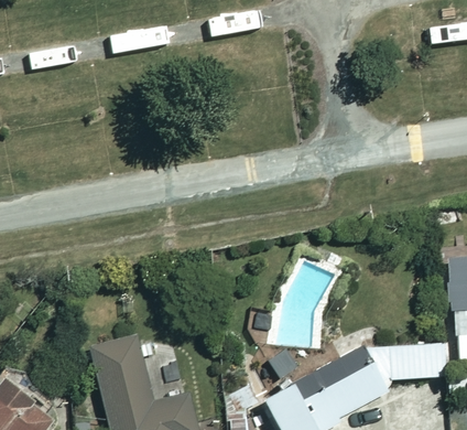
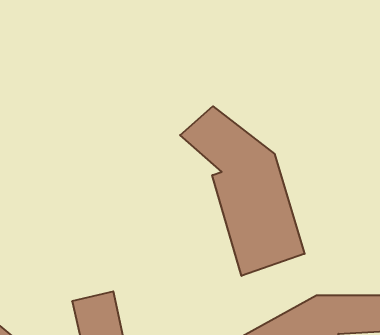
building: none -> [180,106,305,276]

